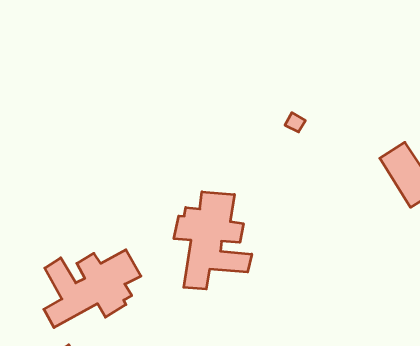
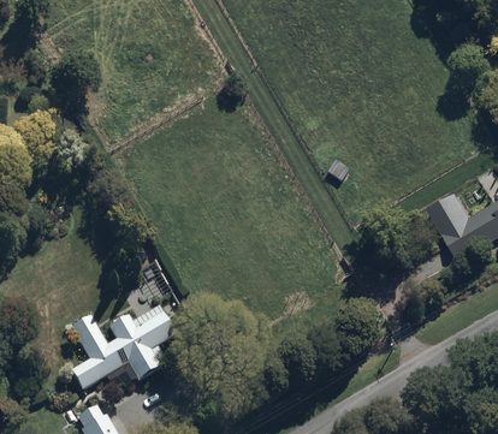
building: [174,192,252,289] -> none

